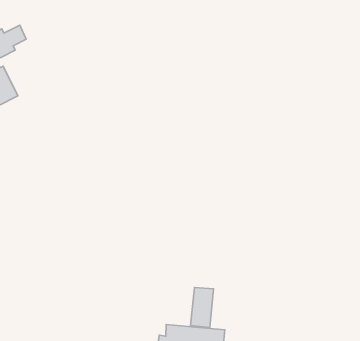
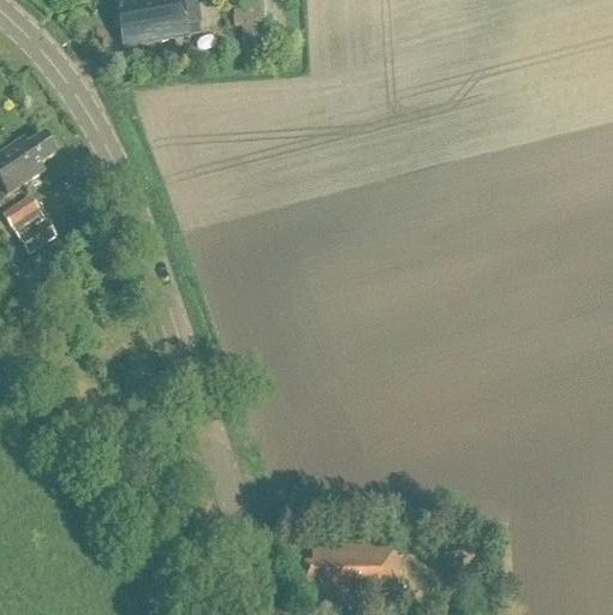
building: [191,288,213,328] -> none

